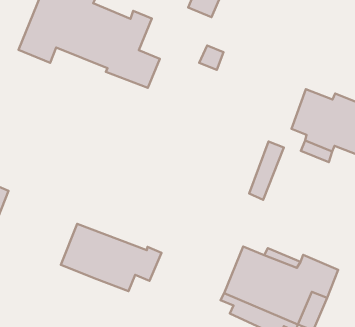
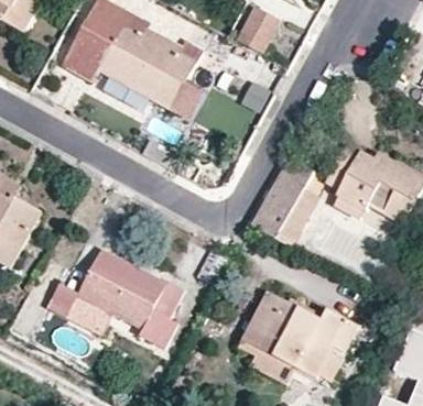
building: none -> [251,155,312,238]
building: none -> [51,275,116,327]
building: none -> [140,305,182,348]

